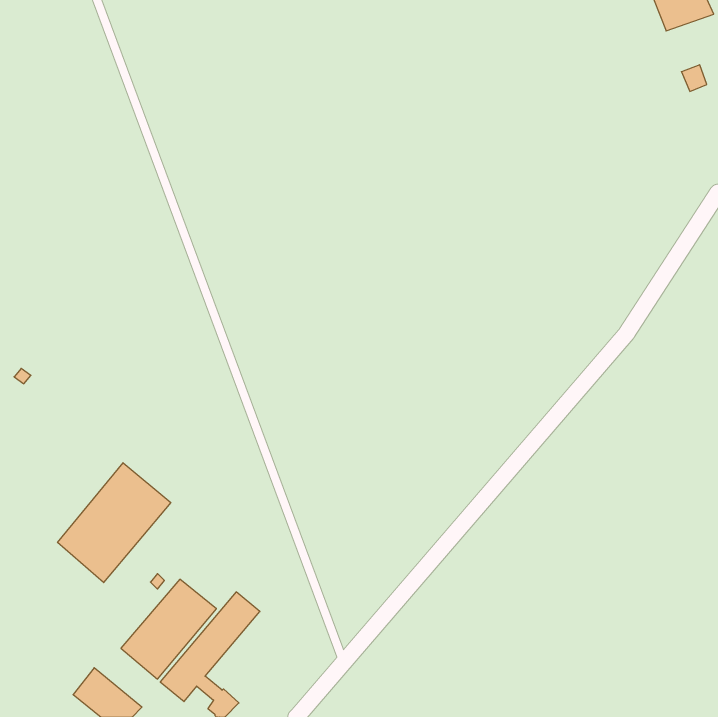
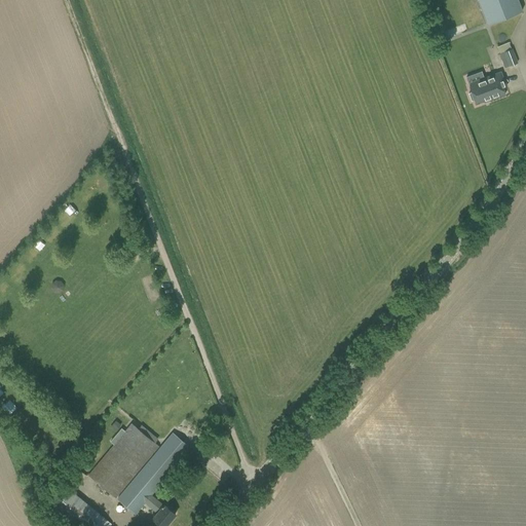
building: none -> [468,75,498,103]
building: [58,463,171,583] -> none

